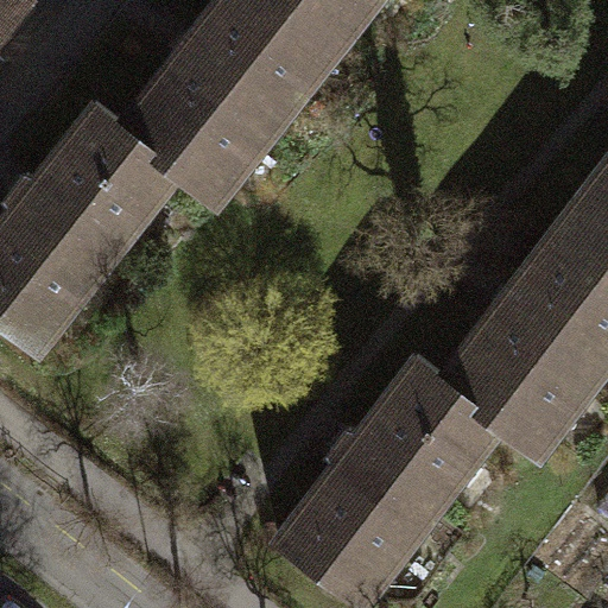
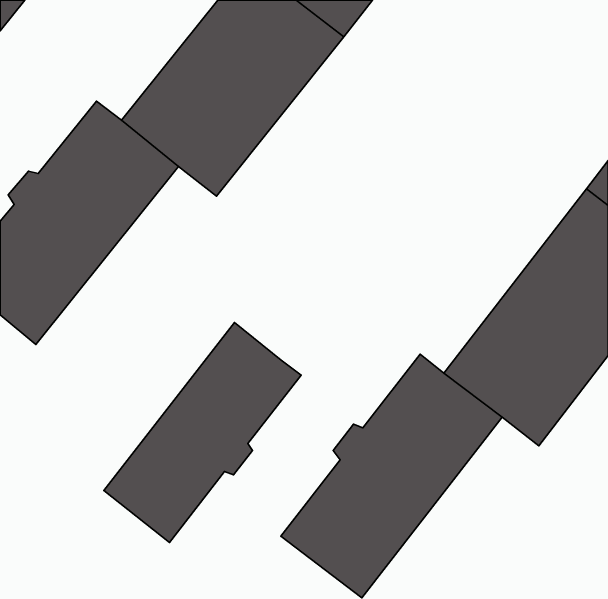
building: none -> [104,323,301,542]

